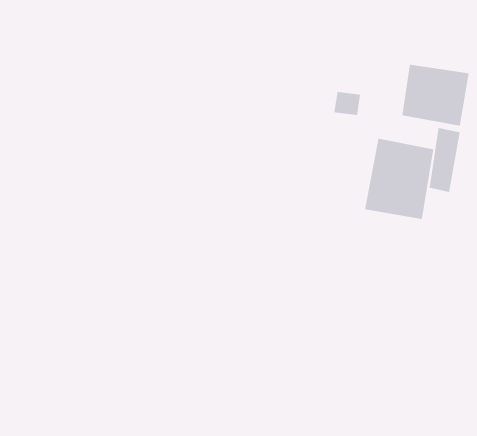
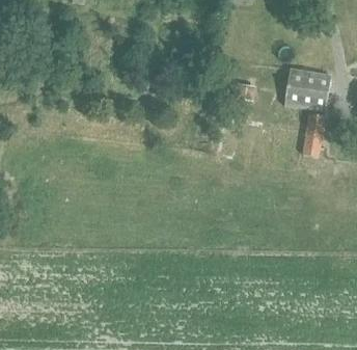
building: [364,138,434,220] -> none

